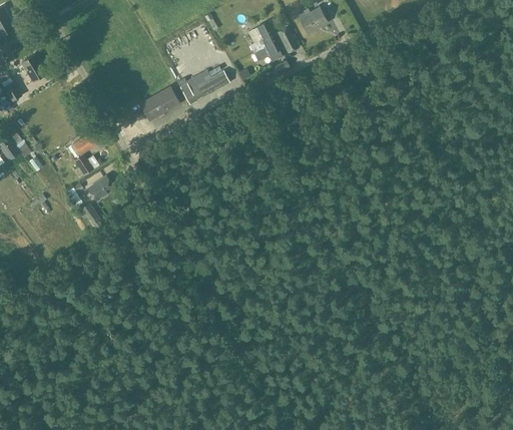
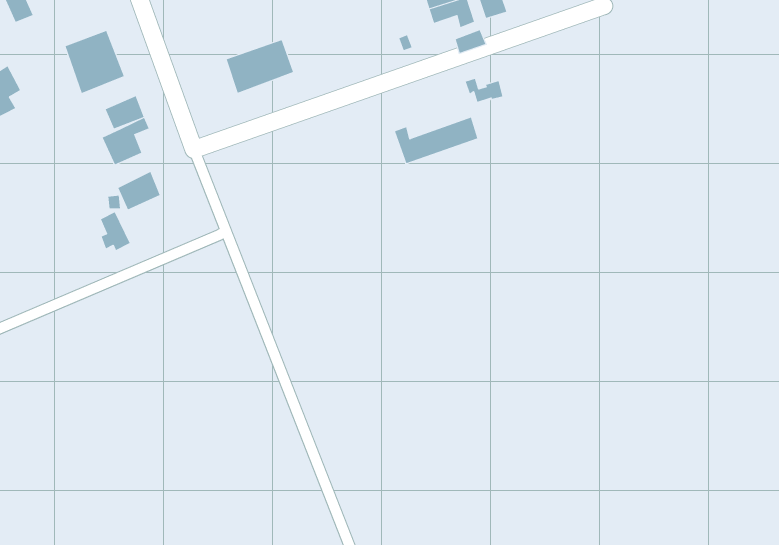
building: [178,70,228,104] -> [394,117,478,164]
building: none -> [65,30,124,94]

